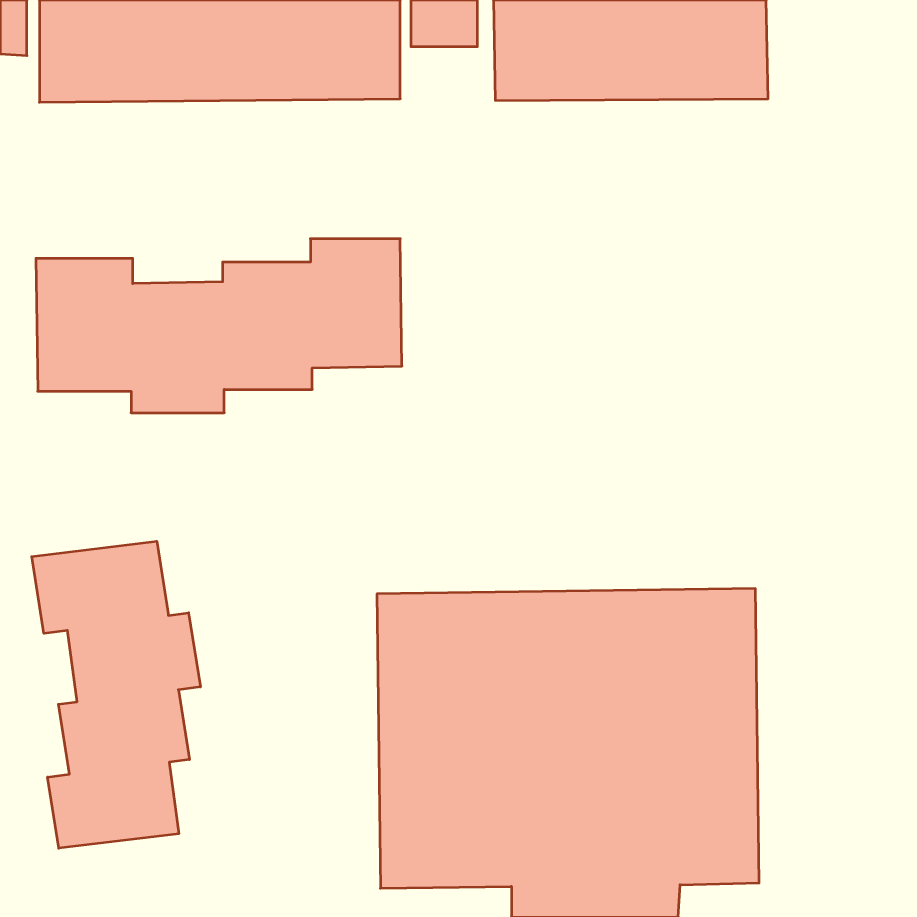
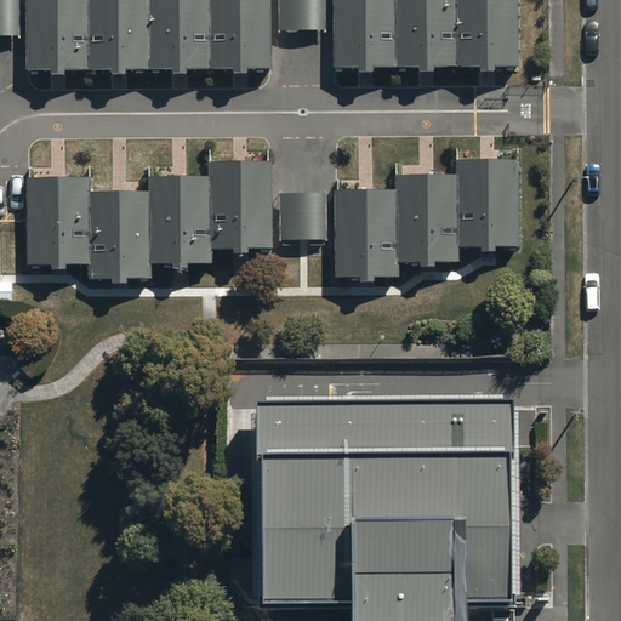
building: none -> [334,159,515,278]
building: none -> [280,193,326,241]
building: [32,541,200,848] -> none

